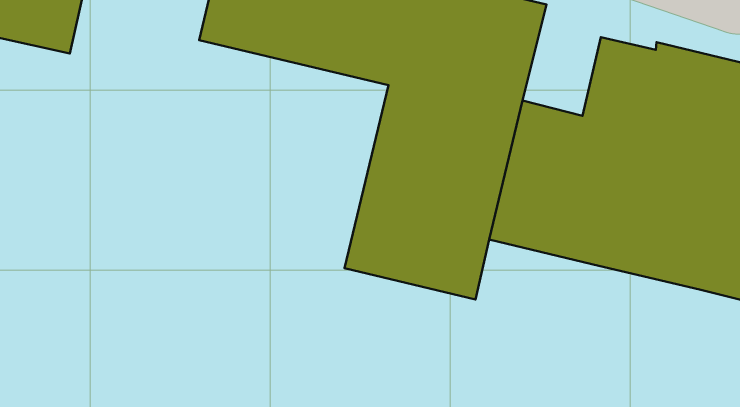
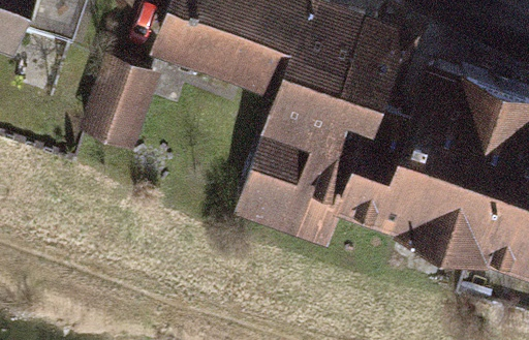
building: none -> [84,63,151,148]

